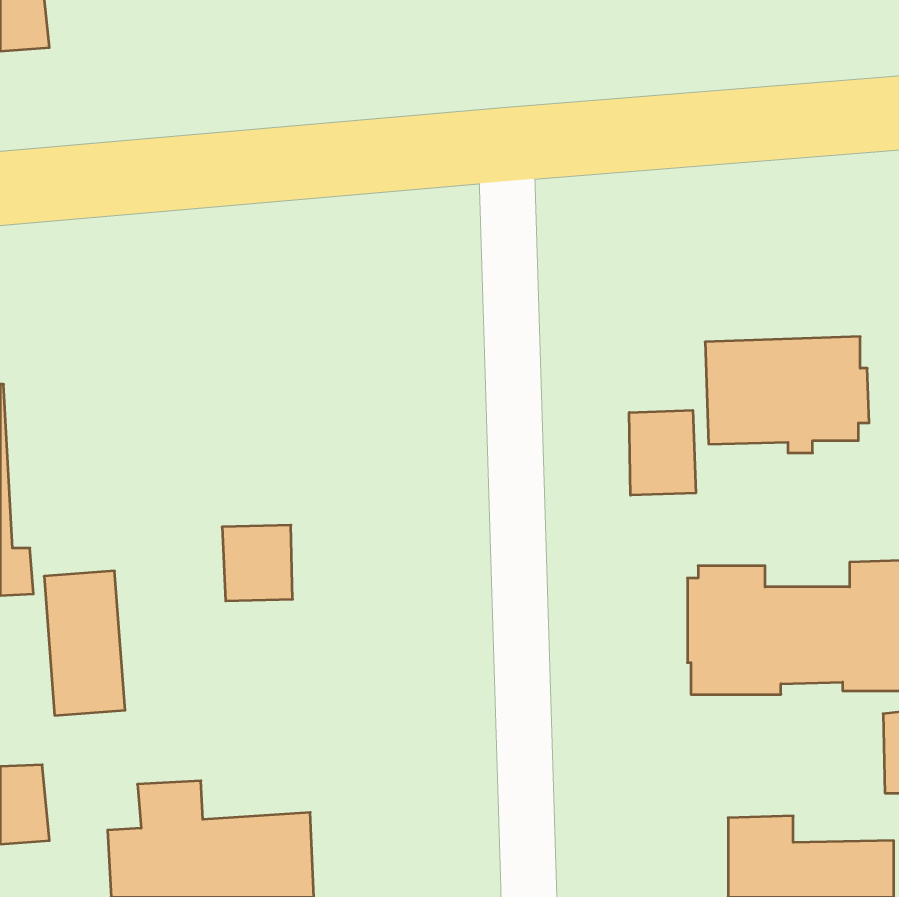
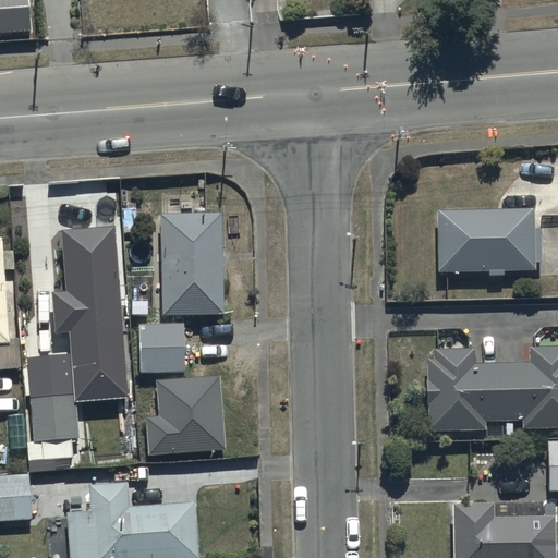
building: none -> [159,213,221,315]
building: none -> [53,225,130,399]
building: [629,410,696,495] -> none
building: none -> [147,374,229,459]

